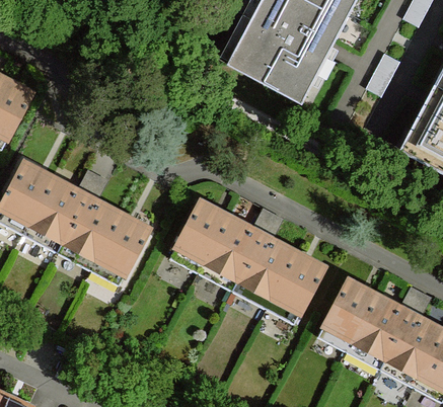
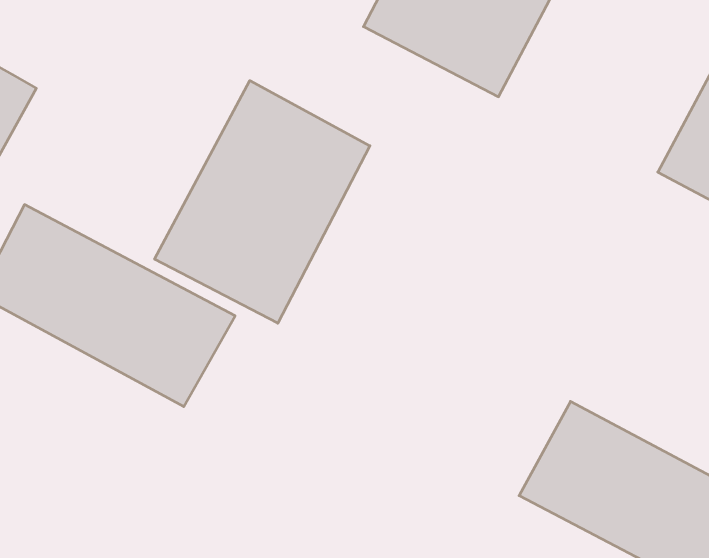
building: none -> [155,81,370,323]
building: [171,199,325,320] -> none

